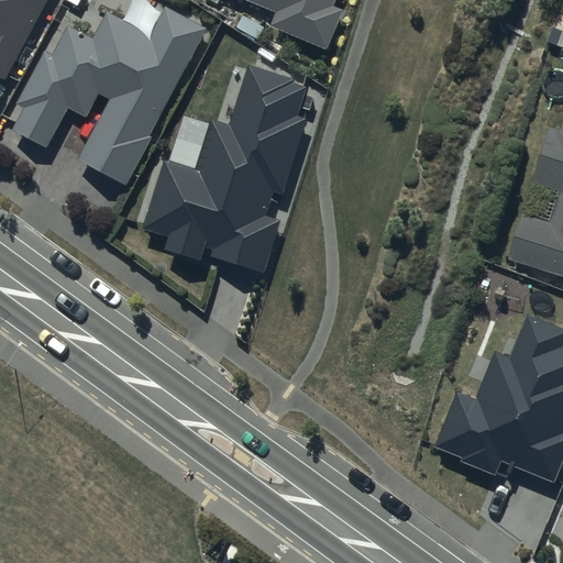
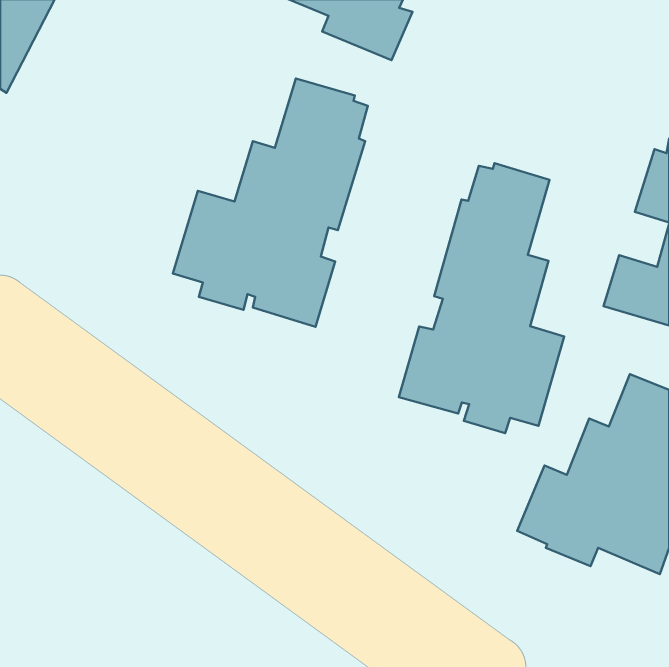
building: [11,7,206,185] -> none
building: none -> [399,163,564,433]

